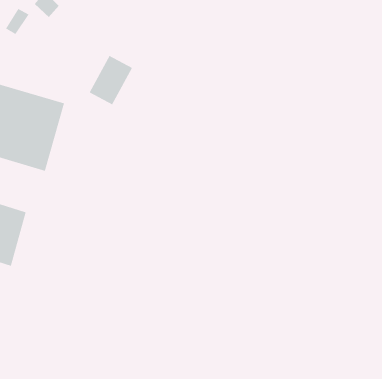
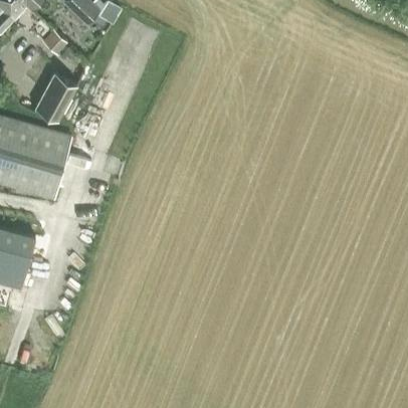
building: [89,55,133,105] -> [36,72,77,120]

